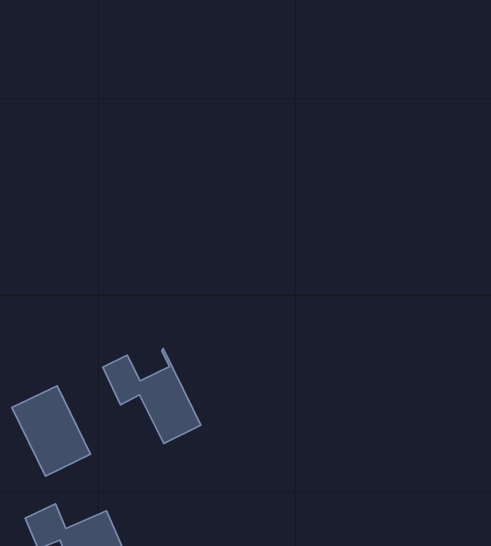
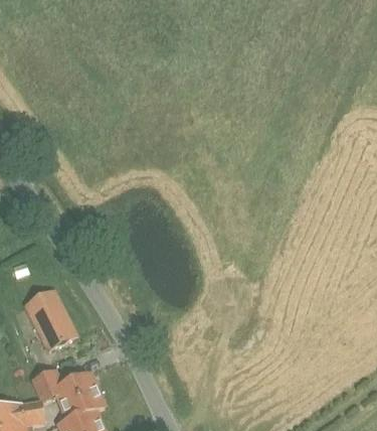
building: [103,349,201,443] -> none

